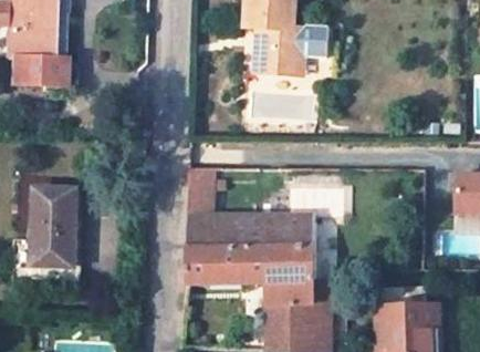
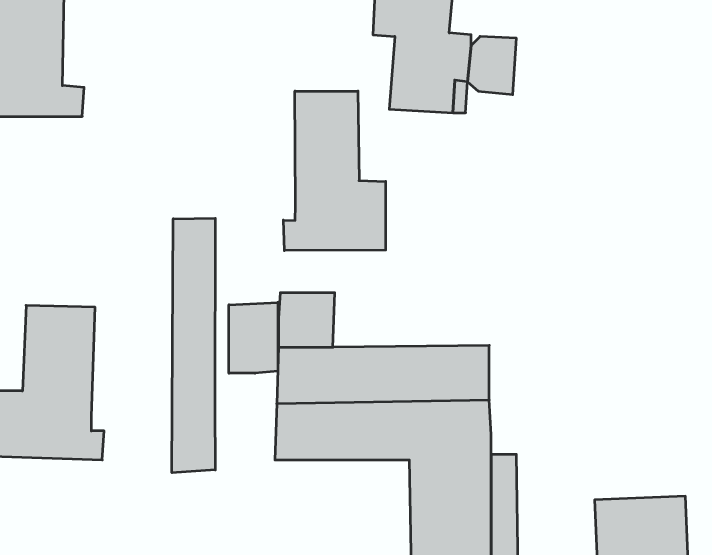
building: none -> [283,91,386,251]
building: none -> [172,218,215,473]
building: none -> [229,302,278,373]

